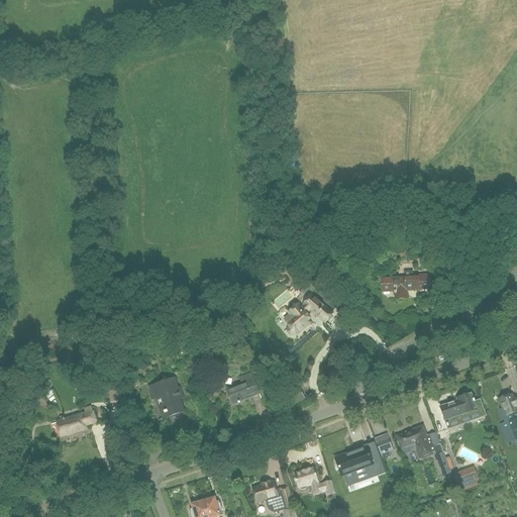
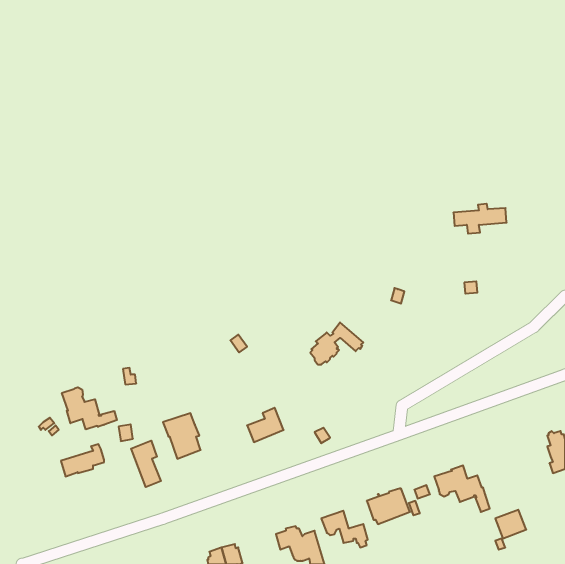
building: [382,270,430,297] -> [453,204,507,234]
building: none -> [62,387,117,429]
building: [438,391,485,422] -> none
building: none -> [131,441,161,487]

